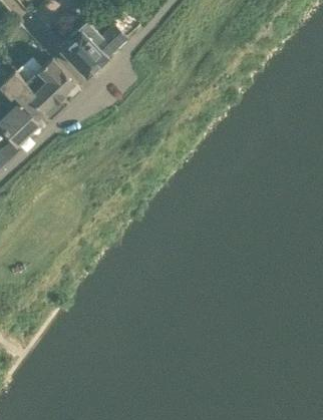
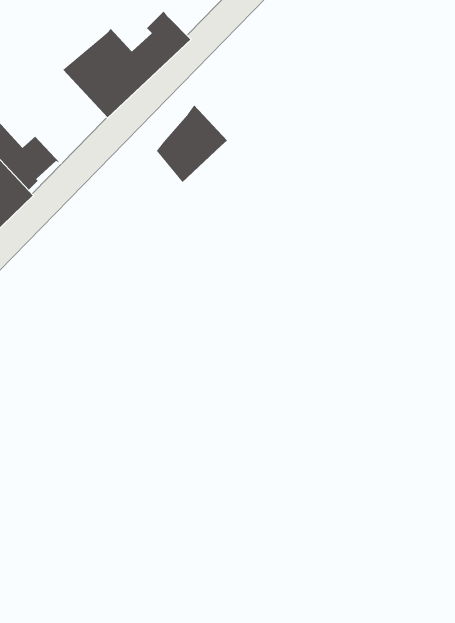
building: [24,60,74,104] -> none
building: none -> [156,104,228,183]

